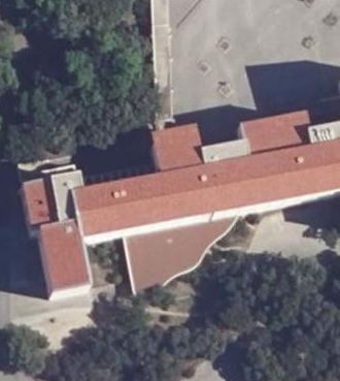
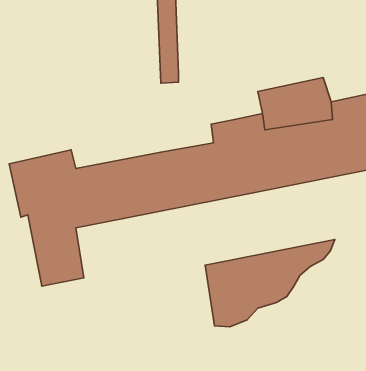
building: [148,123,202,173] -> none
building: [123,210,237,287] -> [205,240,335,327]

